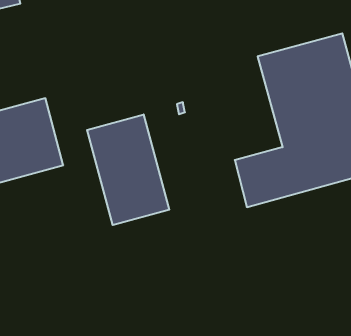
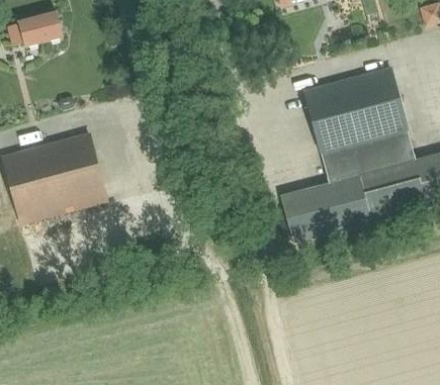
building: [87,114,169,225] -> none

